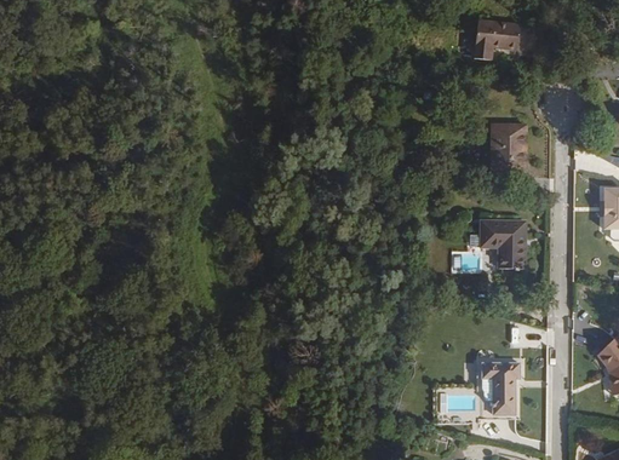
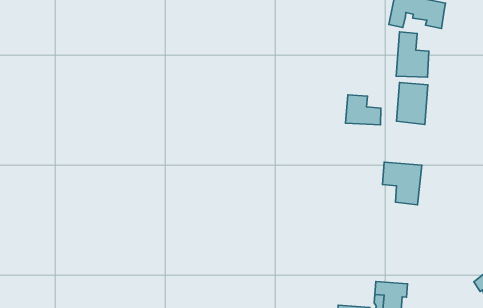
building: none -> [396,32,429,77]
building: none -> [346,95,381,125]

